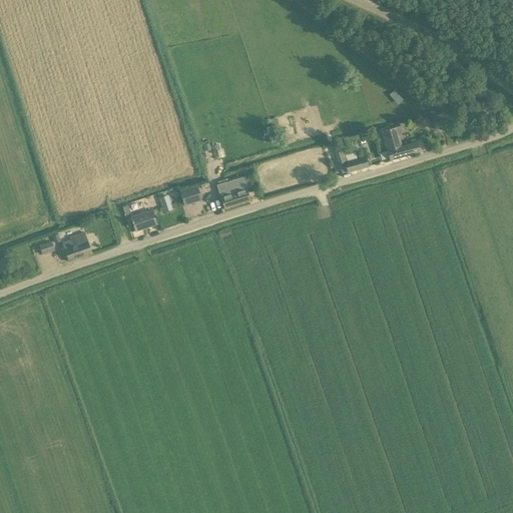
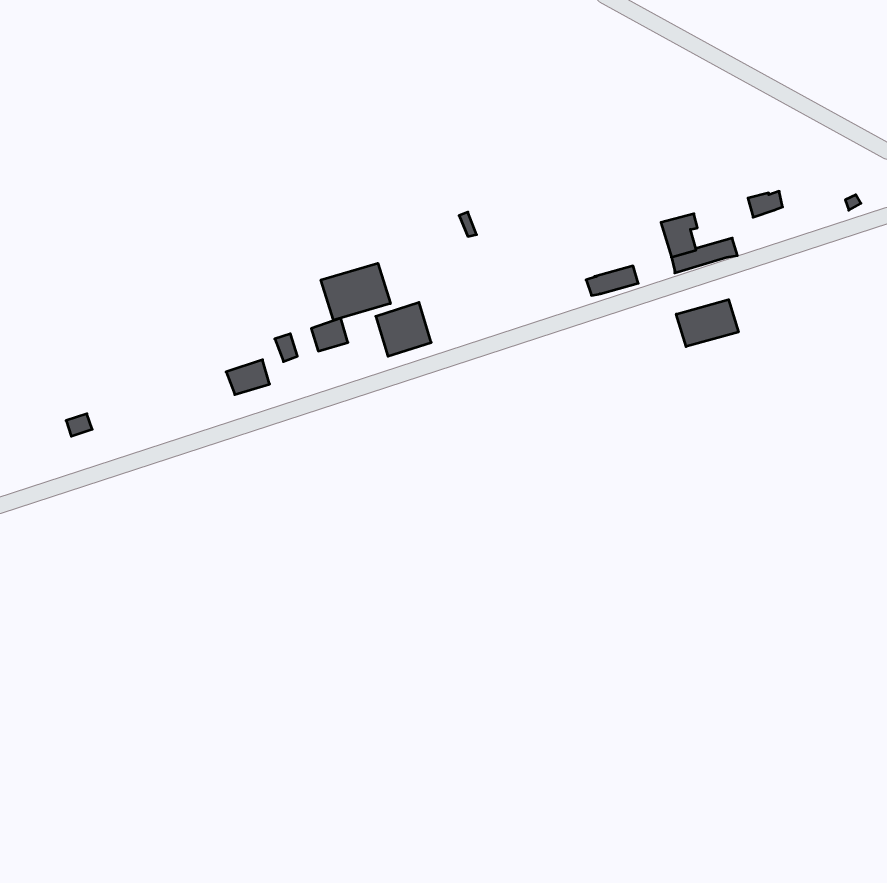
building: none -> [321,263,390,320]
building: none -> [676,300,738,347]
building: [62,229,90,258] -> none

